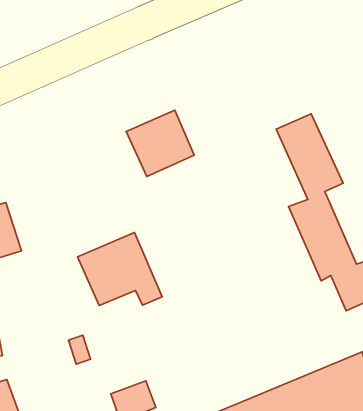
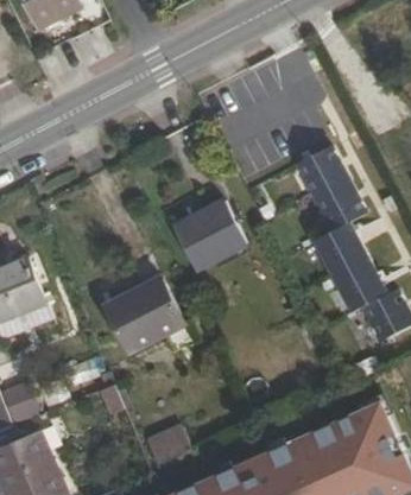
building: [126,110,194,177] -> [172,199,242,268]

